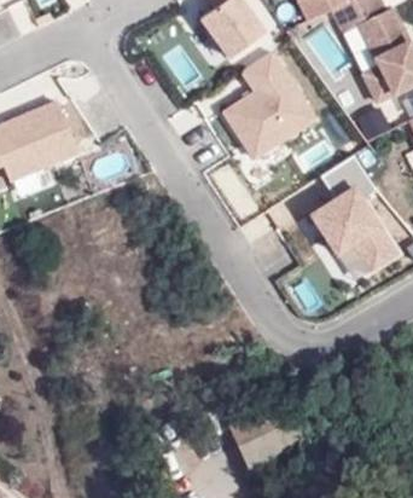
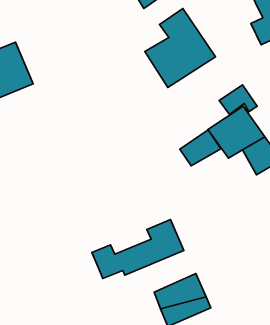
building: none -> [180,130,221,166]
building: none -> [92,220,184,278]

